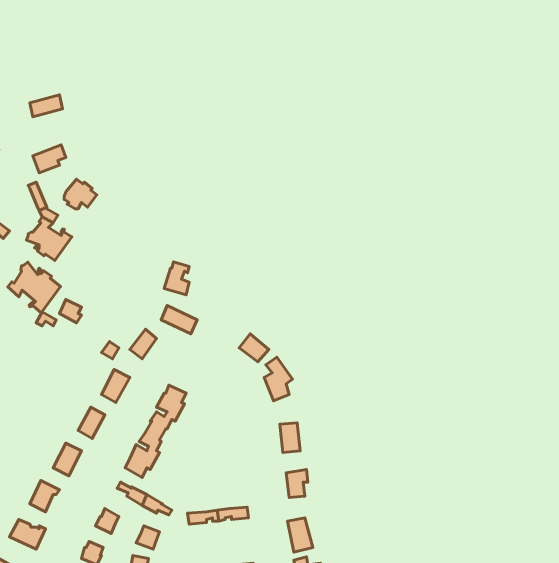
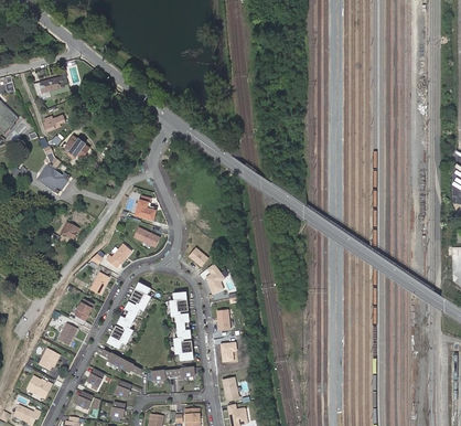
building: [8,262,61,313] -> none
building: none -> [170,291,192,360]

